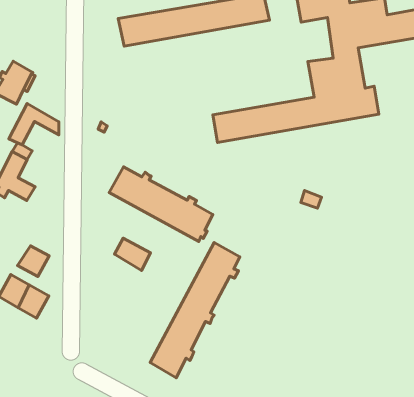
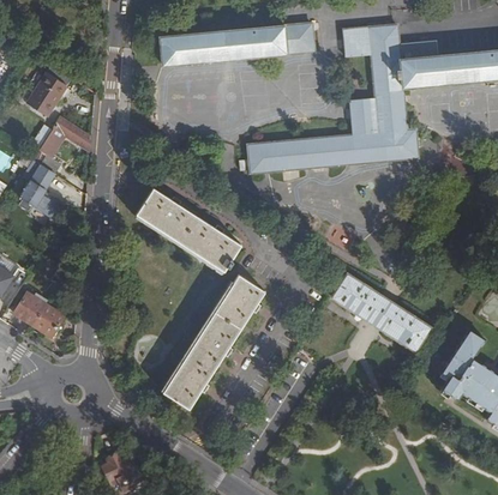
building: none -> [332,274,430,351]
building: [114,238,150,270] -> none
building: [18,246,49,276] -> none

